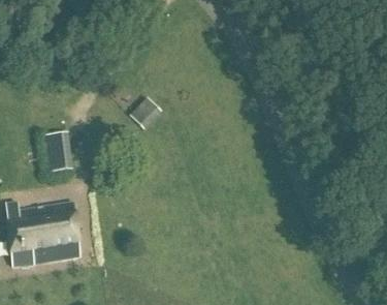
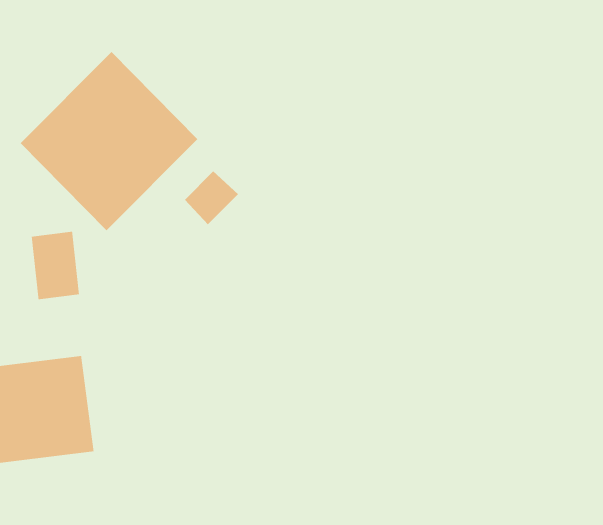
building: none -> [20,51,198,231]

